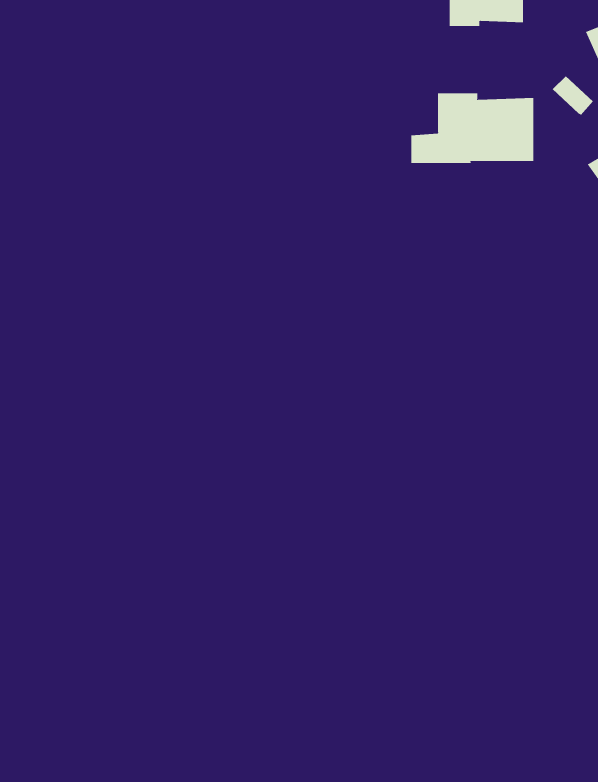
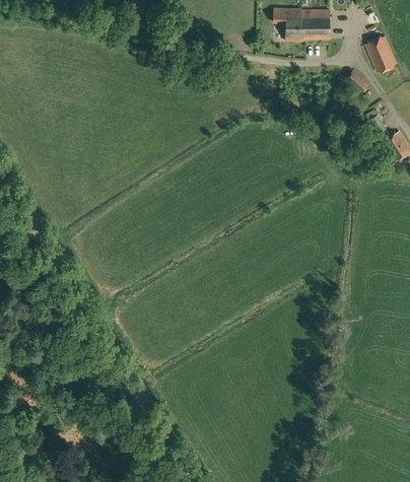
building: [411,93,534,164] -> none

